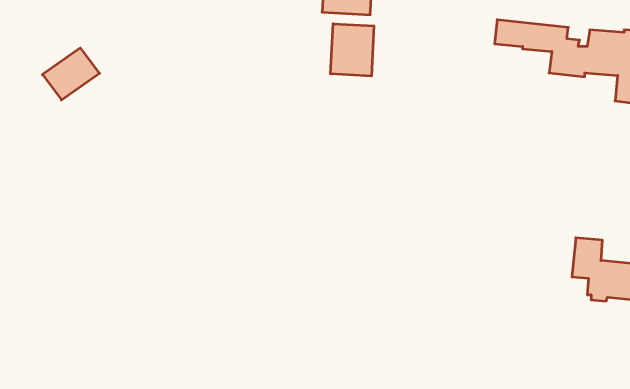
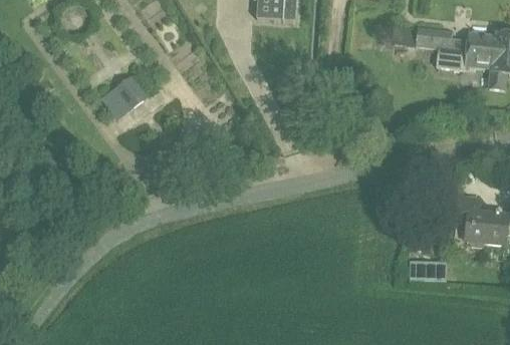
building: [331,24,374,76] -> none
building: [42,48,100,100] -> [102,76,148,117]

